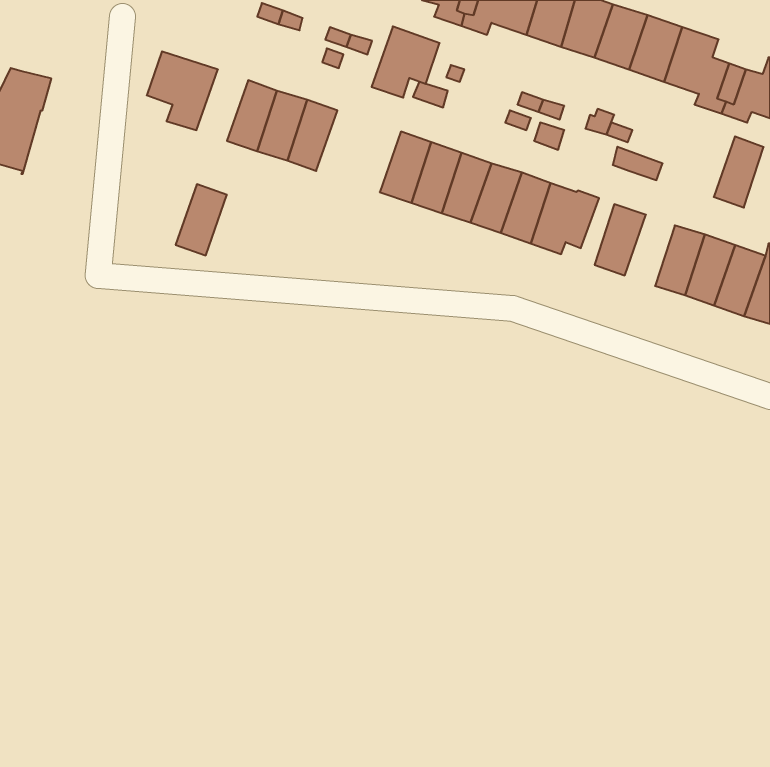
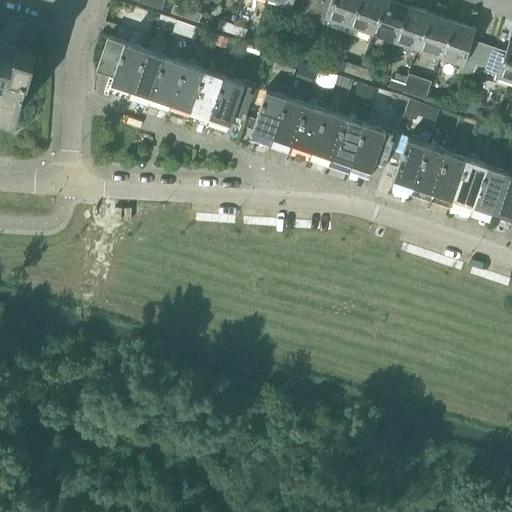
building: [372,26,440,98] -> [209,77,254,124]
building: [714,136,764,208] -> [413,146,446,193]
building: [176,184,227,255] -> [130,50,164,97]

